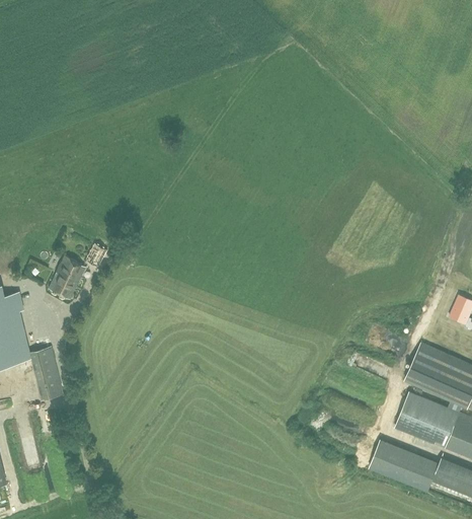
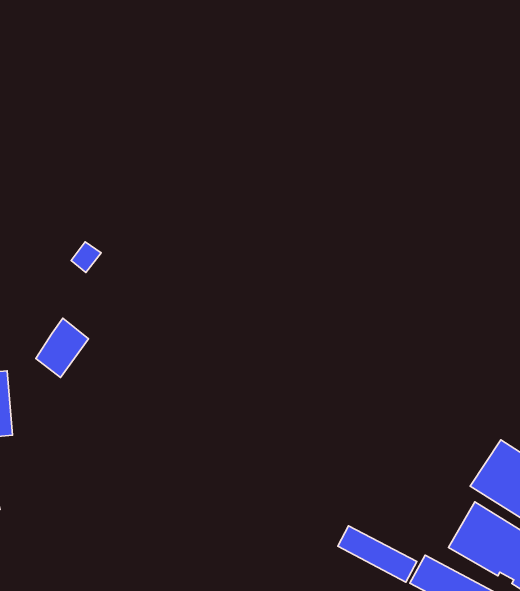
building: [50,256,86,300] -> [36,318,89,377]
building: none -> [338,526,417,582]

